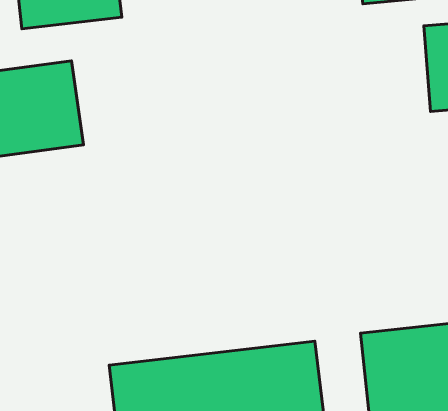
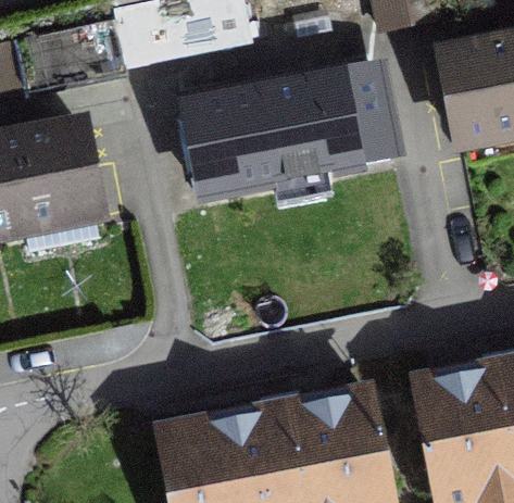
building: none -> [202,71,393,184]

